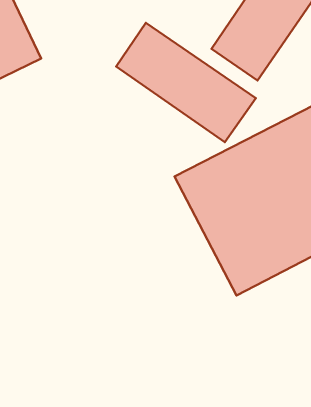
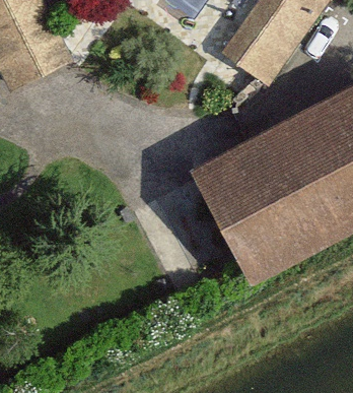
building: [116,23,256,142] -> none

